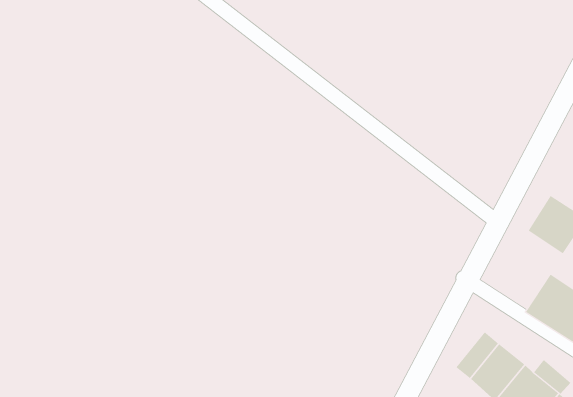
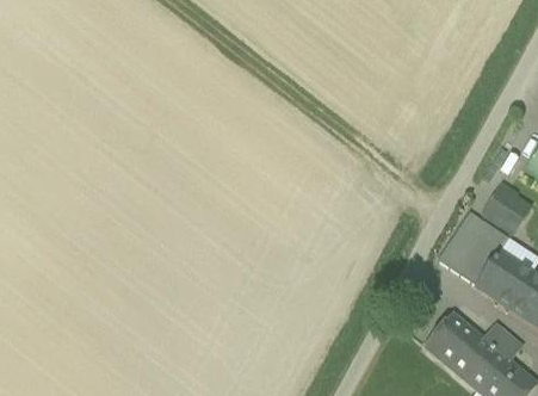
building: none -> [440,225,502,286]

